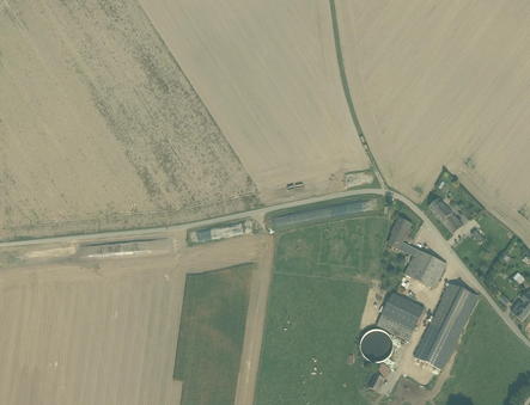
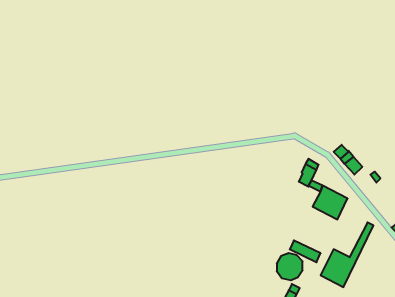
building: [430,282,470,333] -> none
building: [382,292,425,329] -> none

